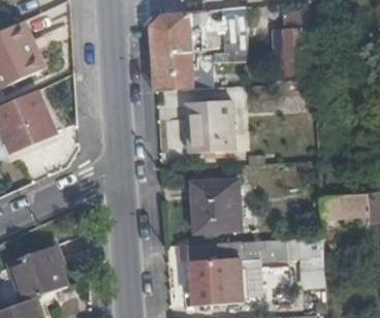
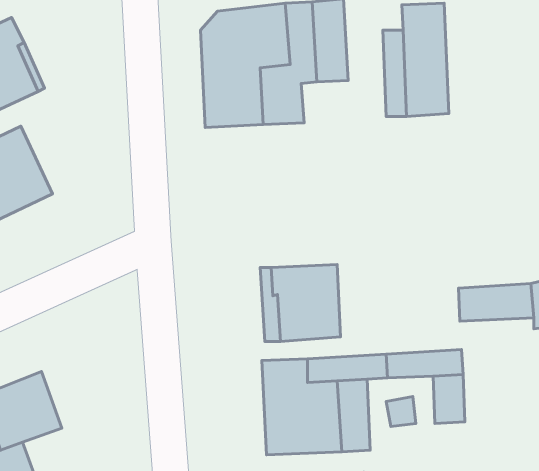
building: [185,100,234,154] -> none

